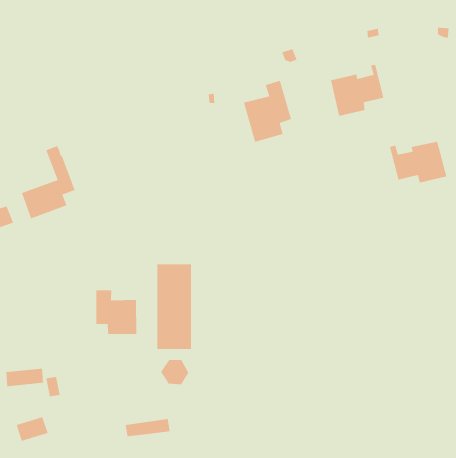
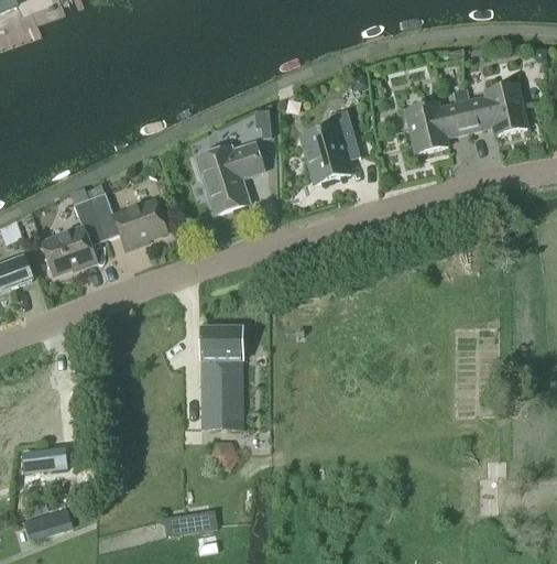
building: none -> [195,142,263,214]
building: [389,141,447,183] -> [459,84,527,133]
building: none -> [87,183,167,249]
building: [96,290,137,335] -> none

